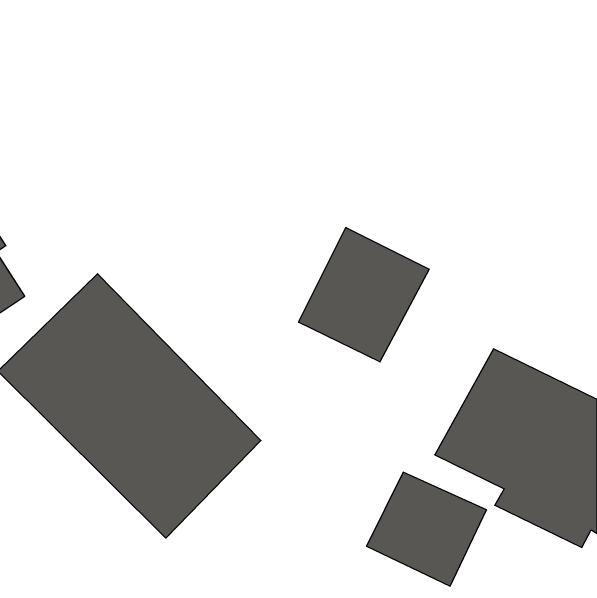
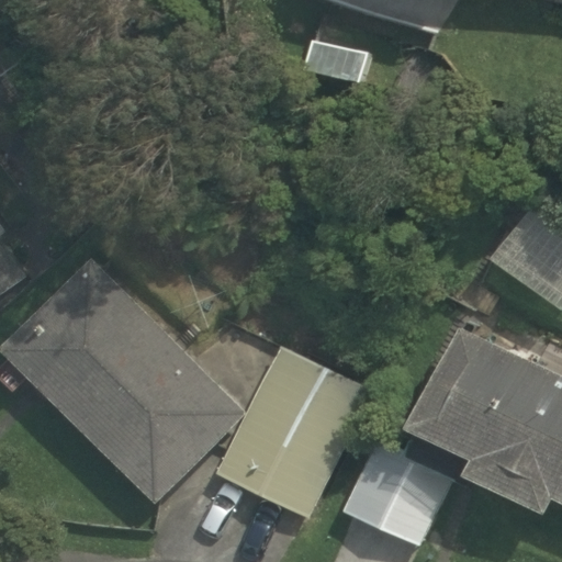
building: [299,227,429,362] -> none
building: none -> [216,347,373,520]

